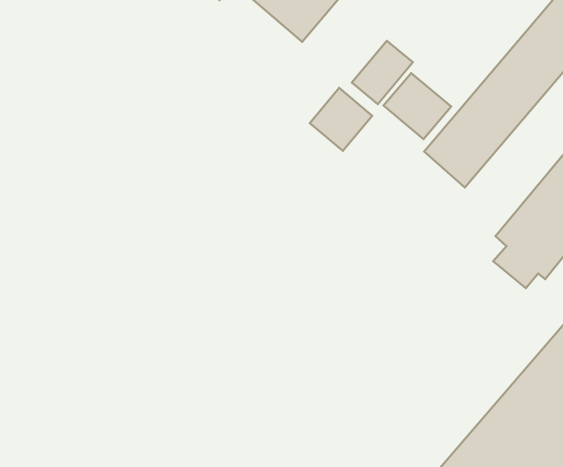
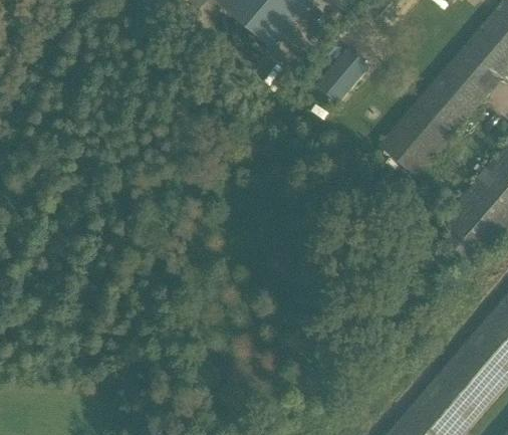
building: [384,73,451,139] -> none
building: [310,88,372,151] -> none

